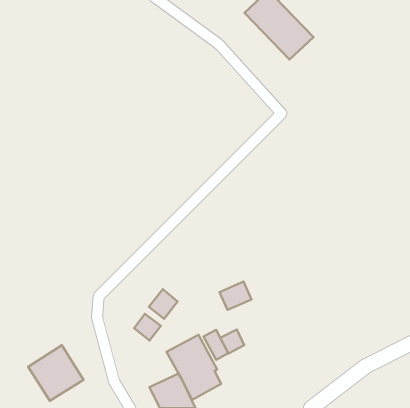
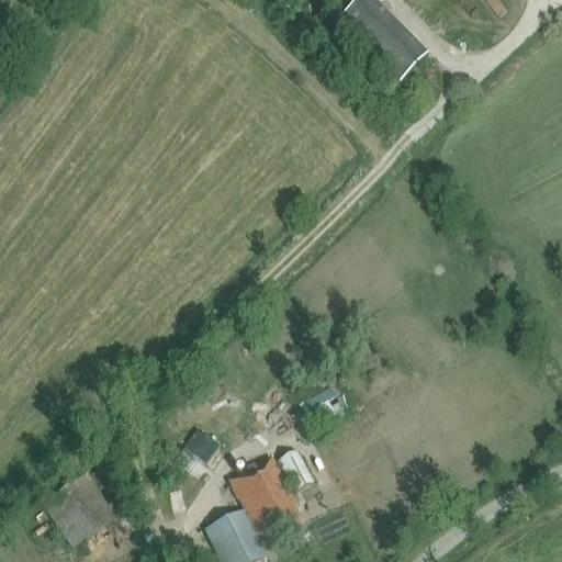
building: [149,289,178,319] -> none
building: [220,330,244,353] -> none

